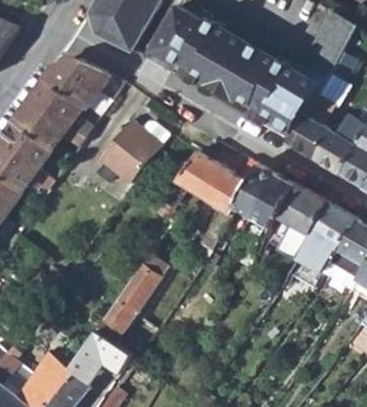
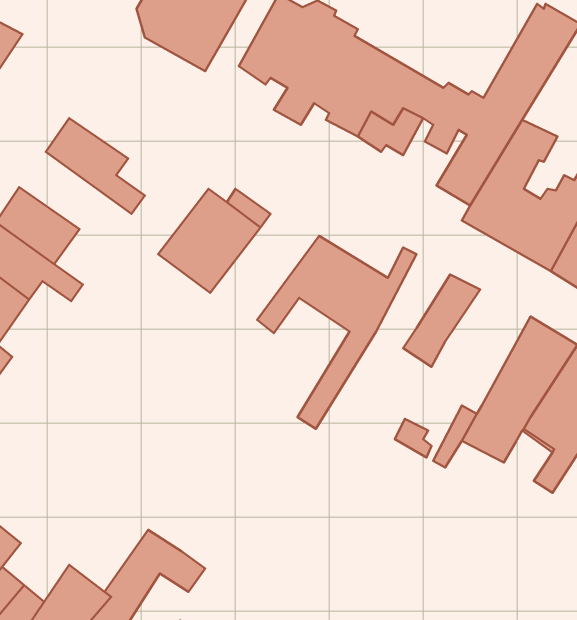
building: [48,58,112,107] -> none
building: [243,80,290,125] -> none
building: [17,100,86,147] -> none
building: [235,163,280,220] -> none
building: [277,184,329,255] -> none
building: [96,253,168,344] -> none

